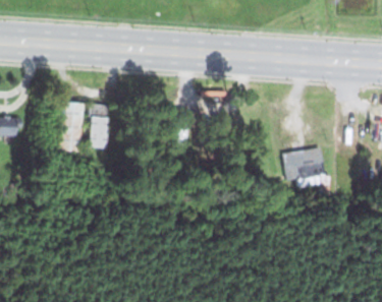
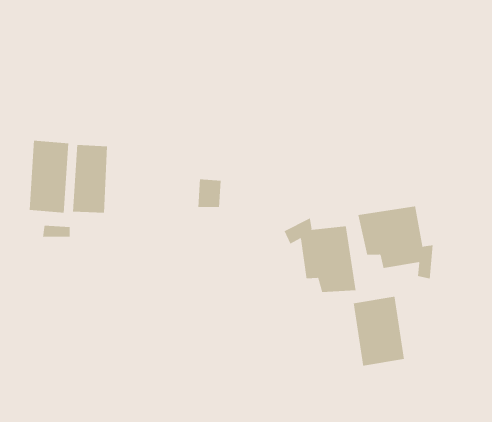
building: none -> [284,217,356,293]
building: none -> [353,296,404,366]

